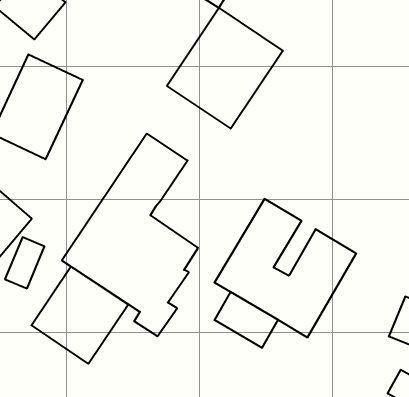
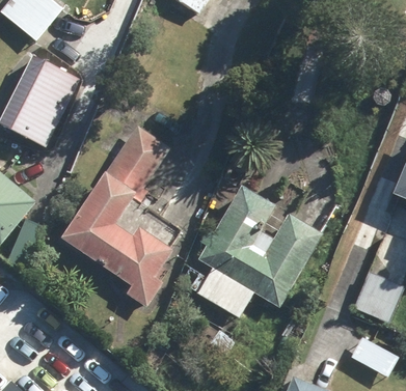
building: [167,8,283,129] -> none
building: [31,266,128,364] -> none

